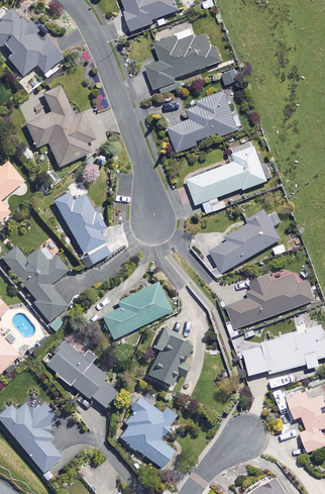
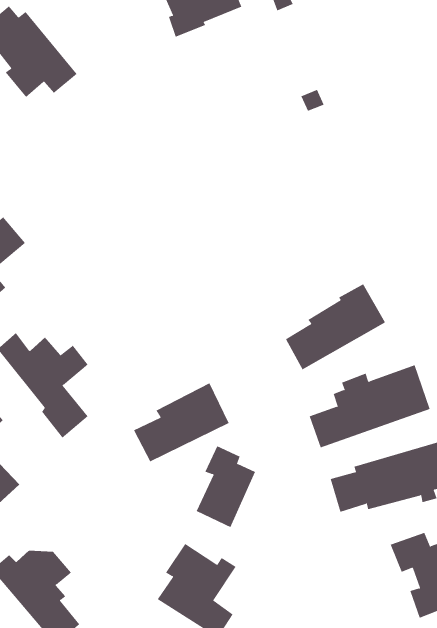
building: [146,29,221,93] -> none
building: [25,86,94,167] -> none
building: [170,91,238,151] -> none
building: [188,145,267,214] -> none
building: [53,192,110,264] -> none
building: [43,341,118,407] -> none

